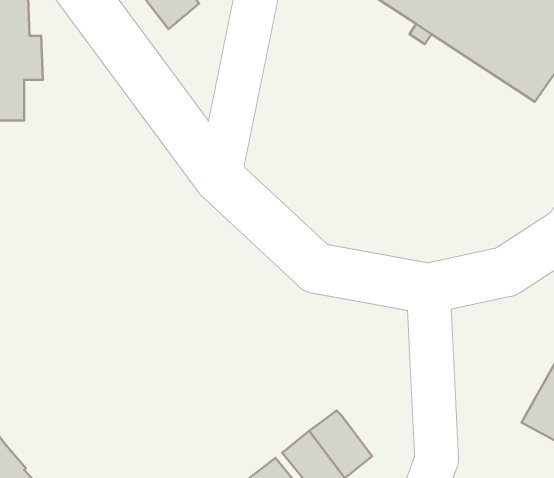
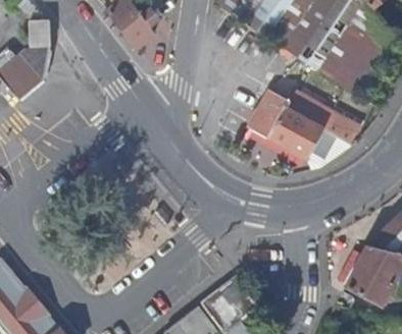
building: none -> [246,89,346,158]

